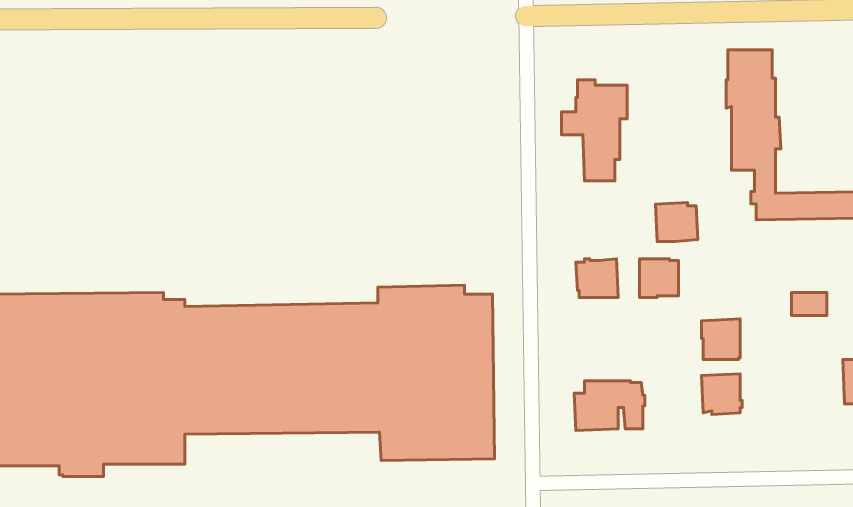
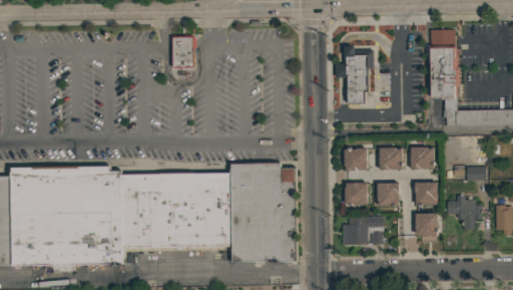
building: none -> [169,34,195,70]
building: [656,202,698,241] -> [409,147,433,169]
building: none -> [344,183,367,205]
building: none -> [376,183,399,206]
building: none -> [446,196,481,230]

